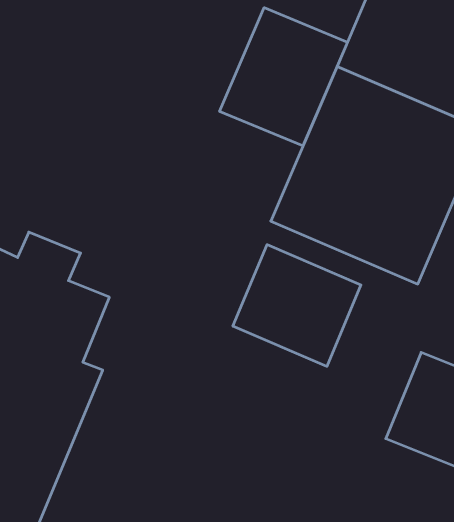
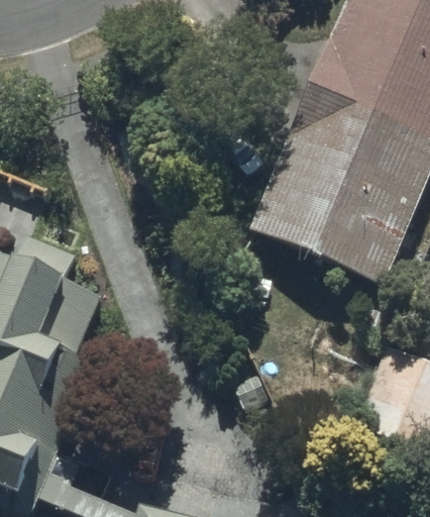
building: [220,8,347,146] -> none
building: [233,245,361,366] -> none

